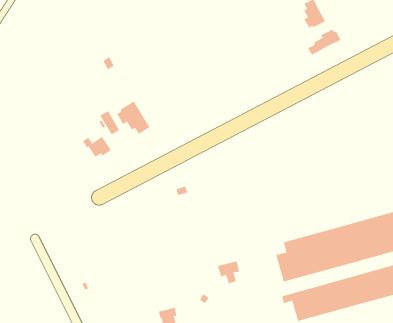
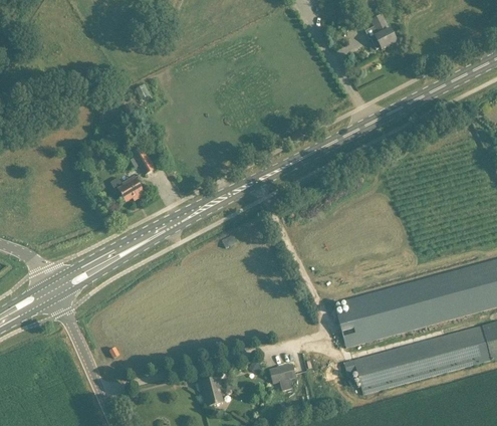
building: [308,29,341,55] -> none
building: [116,100,150,135] -> none
building: [217,261,240,284] -> [269,363,296,390]

